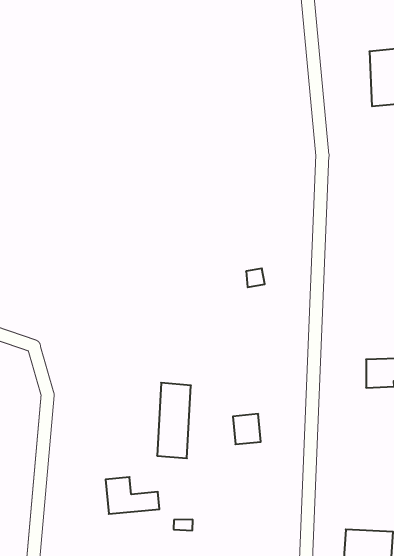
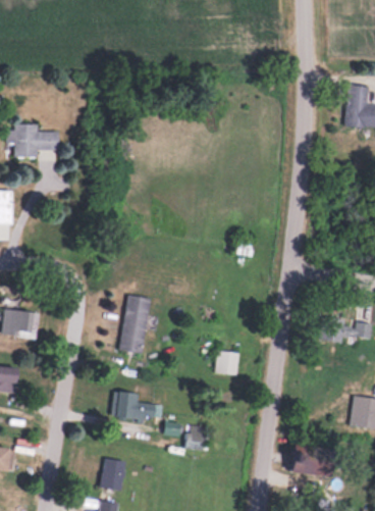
building: [157,383,191,458] -> [120,294,151,353]
building: none -> [186,424,206,450]

